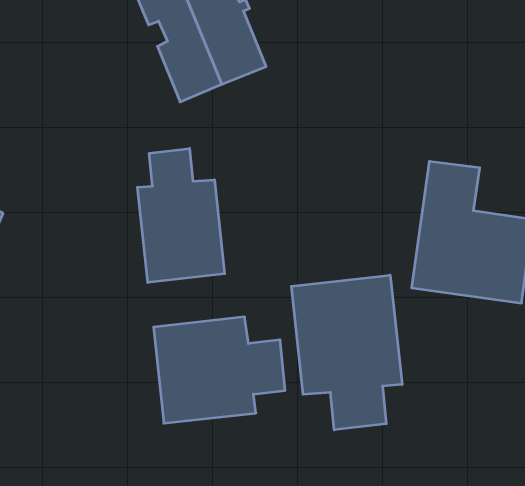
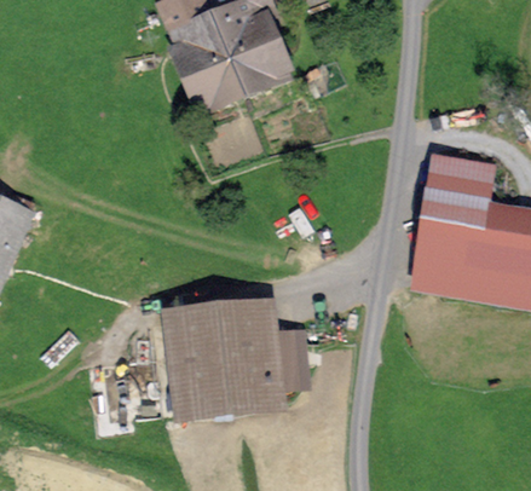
building: [137,148,225,283] -> none
building: [291,275,402,430] -> none

